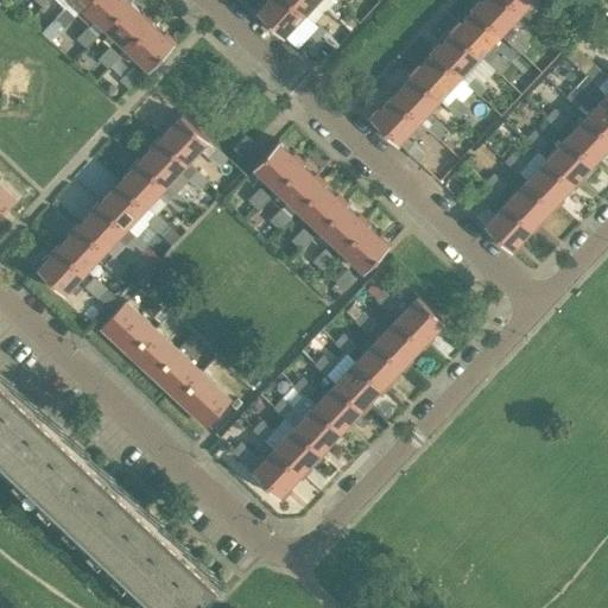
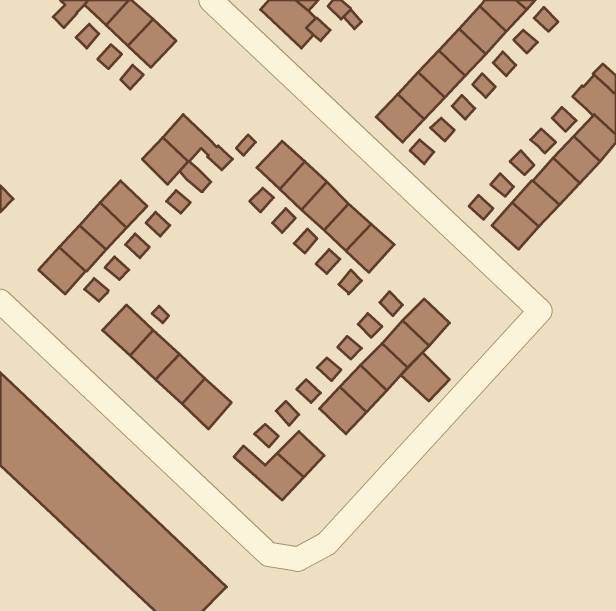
building: [119,162,165,208] -> none
building: none -> [401,353,449,401]
building: [294,407,341,454] -> none

